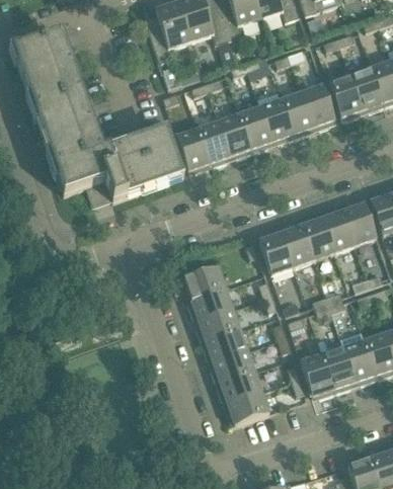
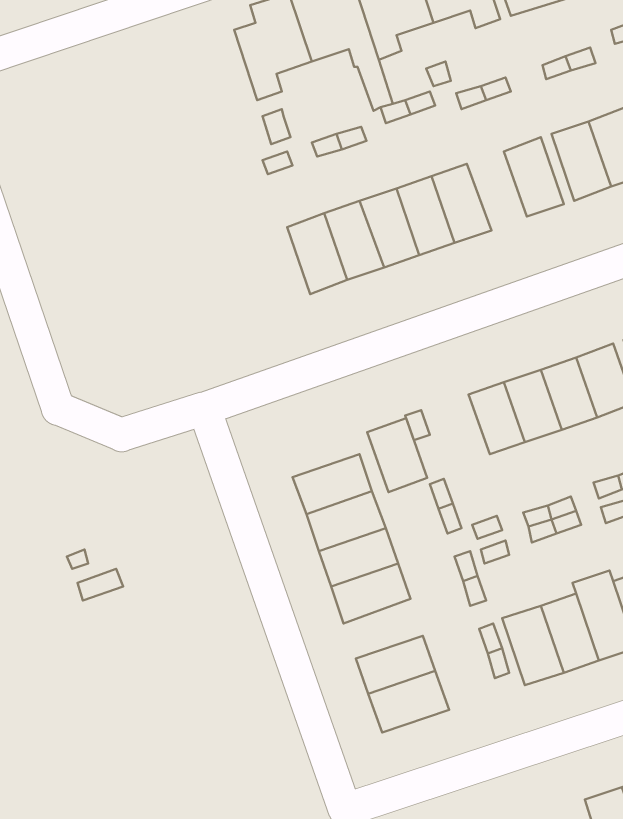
building: [16,33,183,201] -> none
building: [280,91,314,137] -> none
building: [258,231,293,273] -> [367,418,427,492]
building: [209,348,254,383] -> none

